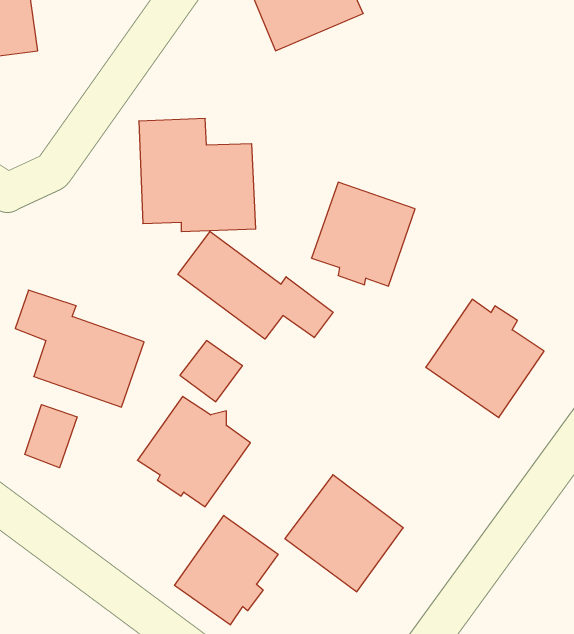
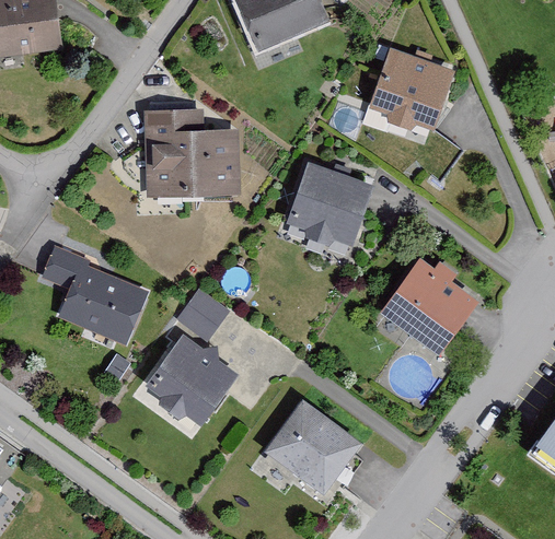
building: none -> [368,47,454,128]
building: [178,231,333,339] -> none
building: [25,405,77,468] -> none
building: [175,515,278,625] -> none

